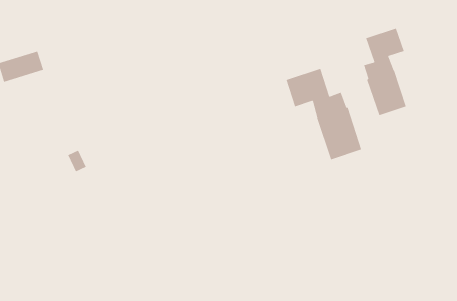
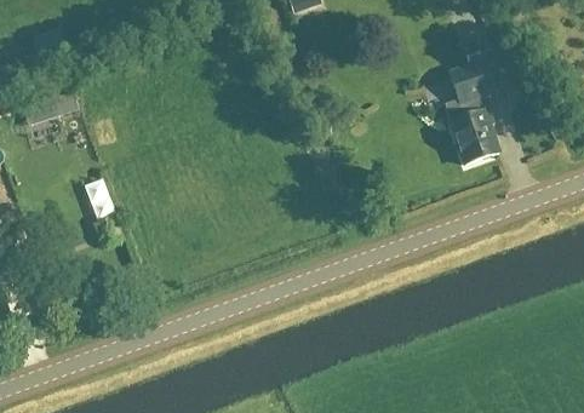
building: [285,68,362,160] -> none

